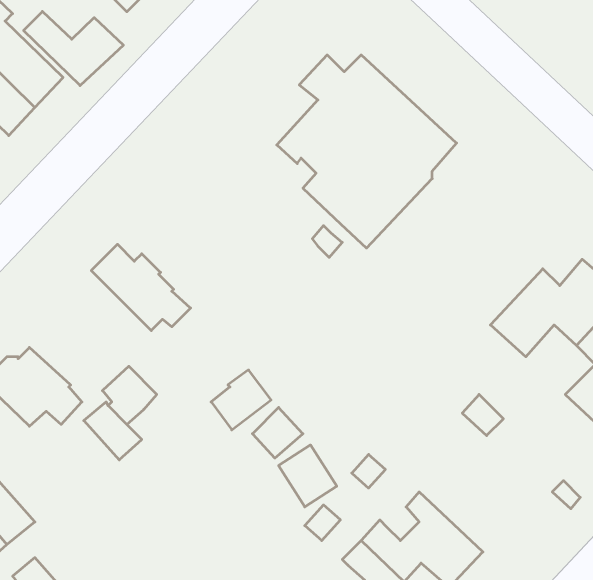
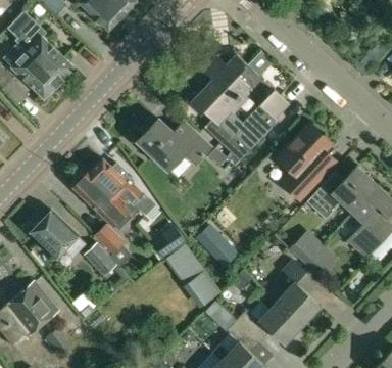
building: [24,11,123,86] -> none
building: none -> [137,119,211,171]
building: none -> [277,125,331,201]
building: none -> [74,173,136,231]
building: none -> [196,226,237,267]
building: none -> [304,244,337,277]
building: none -> [267,260,322,326]

